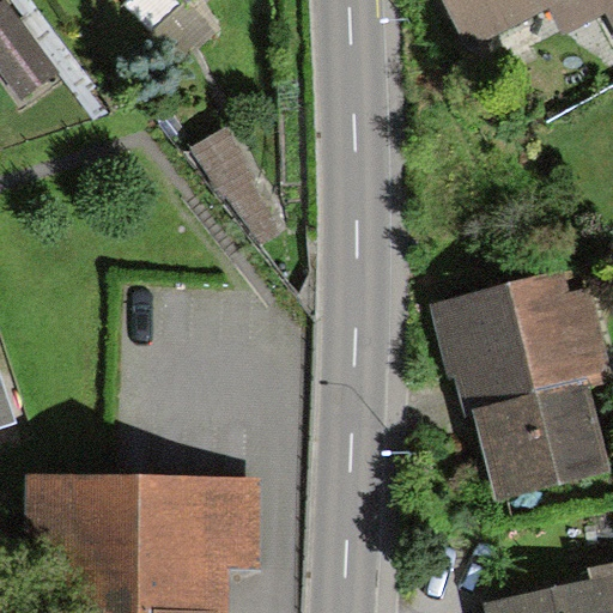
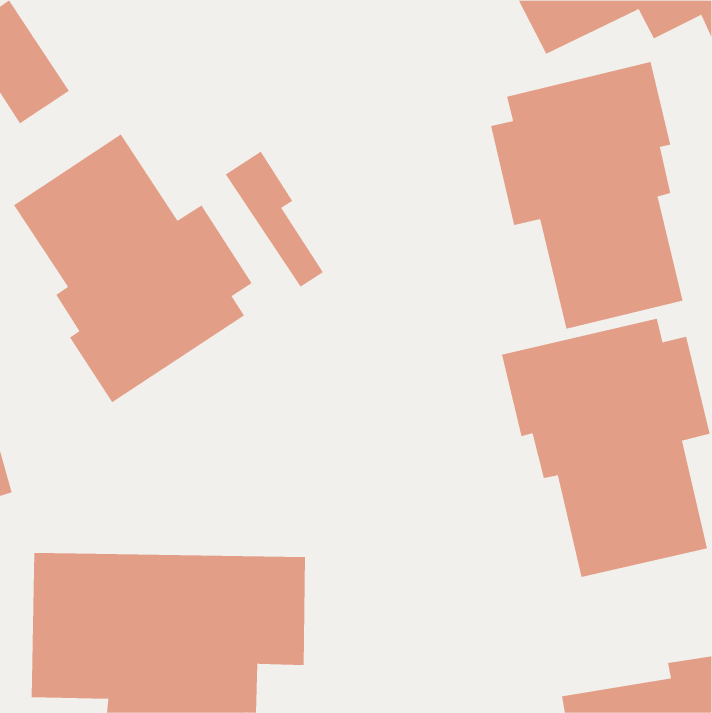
building: none -> [490,61,683,330]
building: none -> [13,134,253,403]

